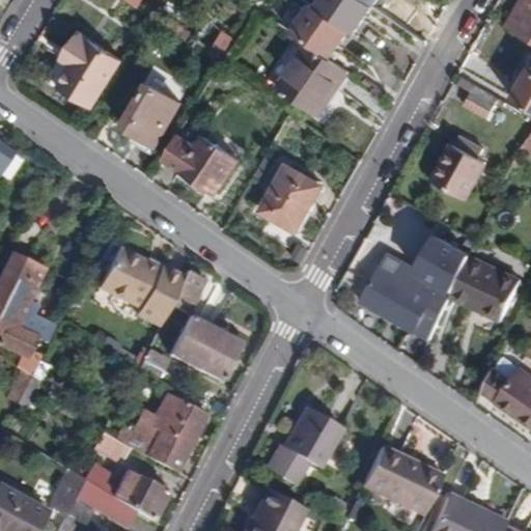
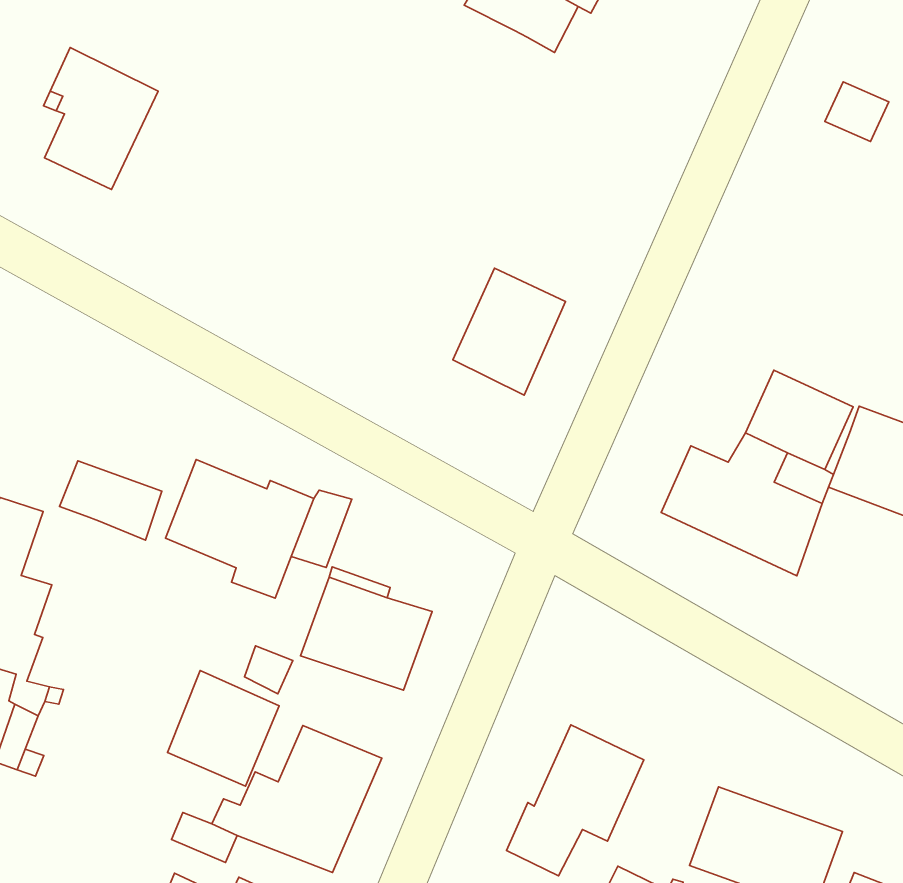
building: [277,43,351,115] -> none
building: [123,83,183,147] -> none
building: [166,135,240,193] -> none
building: [434,136,487,198] -> none
building: none -> [59,461,162,540]
building: none -> [168,671,279,786]

